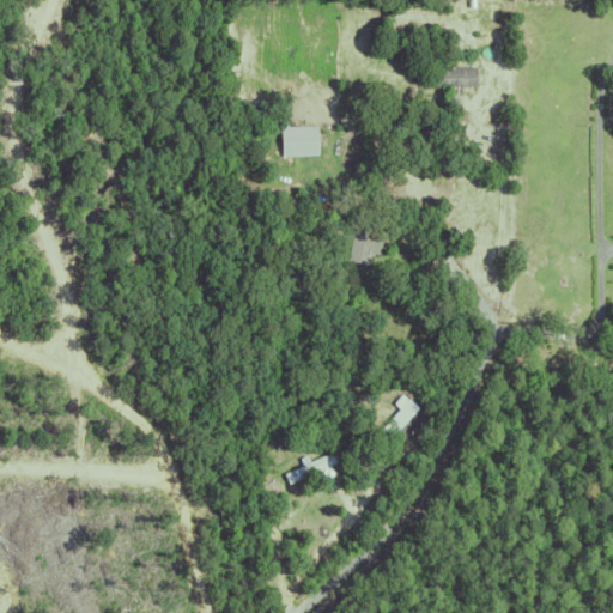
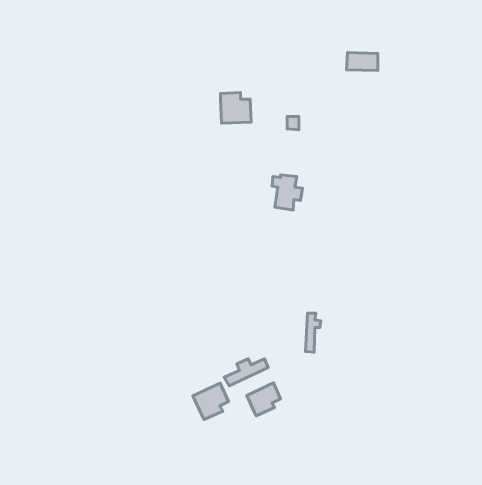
building: none -> [247,383,281,416]
building: none -> [193,383,229,420]

